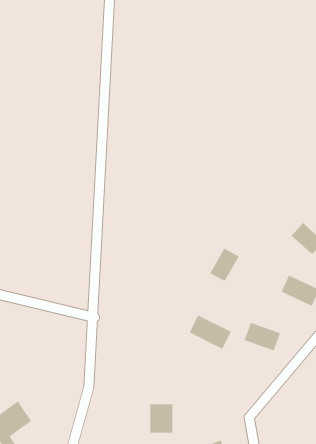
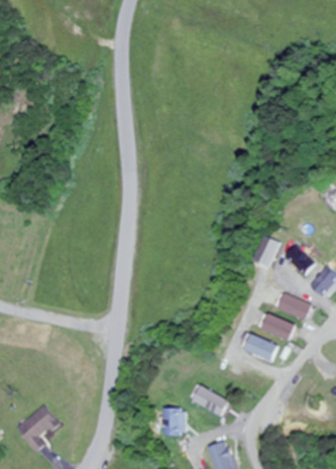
building: [209,248,240,281] -> [255,236,283,266]
building: none -> [262,314,297,341]
building: [189,315,231,349] -> [191,385,229,417]

